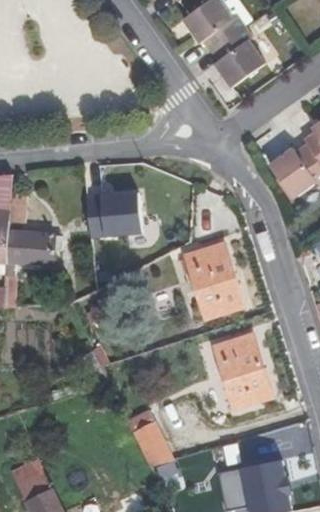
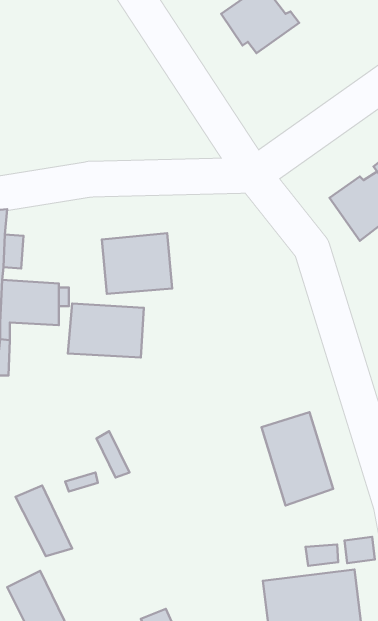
building: [210,25,265,87] -> none
building: [185,243,243,318] -> none
building: none -> [68,304,144,358]
building: [127,409,172,465] -> [16,486,72,556]

